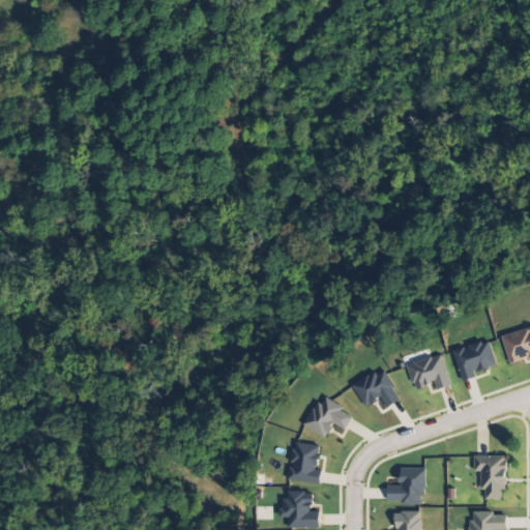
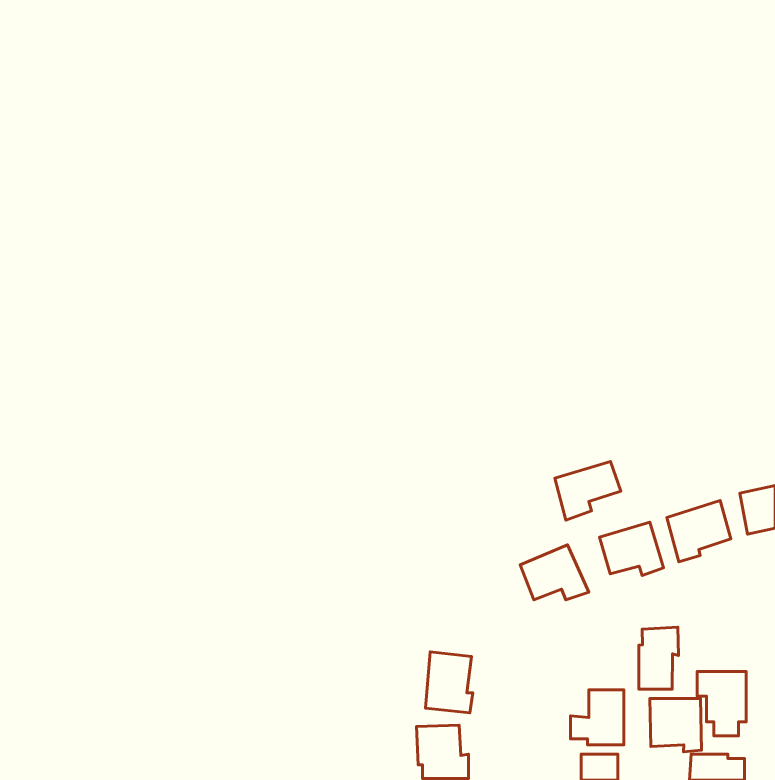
building: none -> [555,461,621,520]
building: [305,398,353,438] -> none
building: none -> [639,627,678,689]
building: none -> [650,698,701,752]

